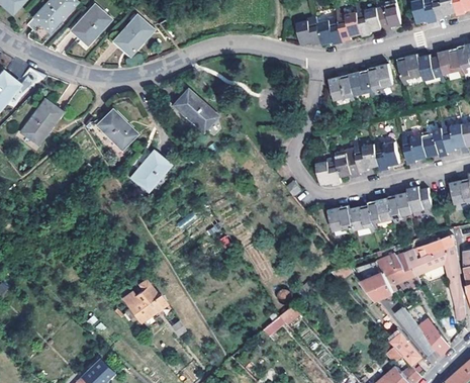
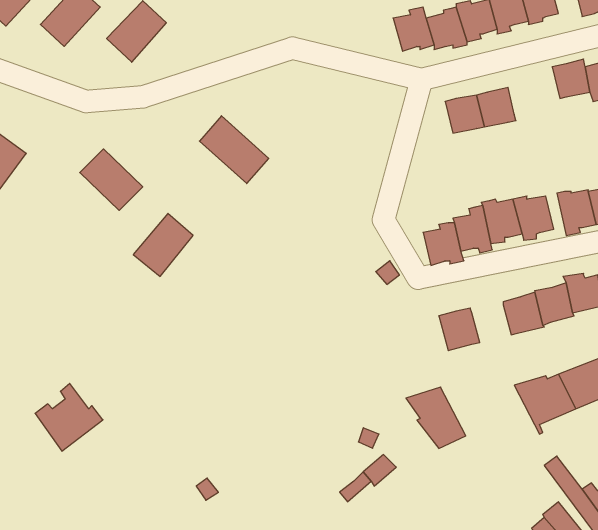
building: [370,62,394,87] -> none
building: [348,209,374,236] -> none
building: [353,261,391,300] -> [406,387,466,448]
building: [122,279,166,322] -> [35,383,103,451]

